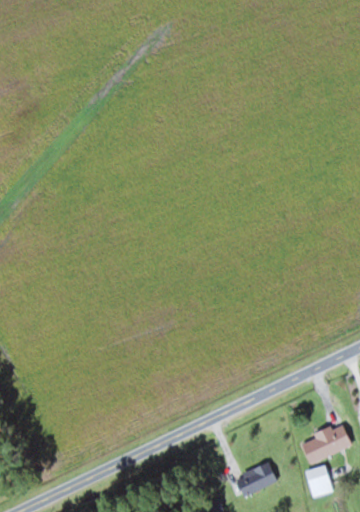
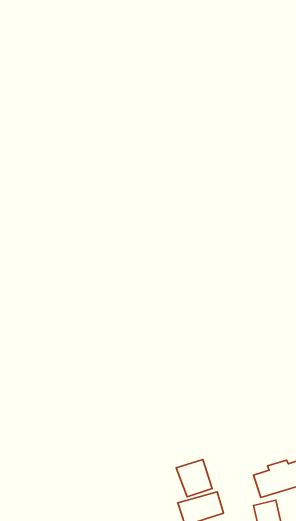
building: none -> [176,459,212,497]

